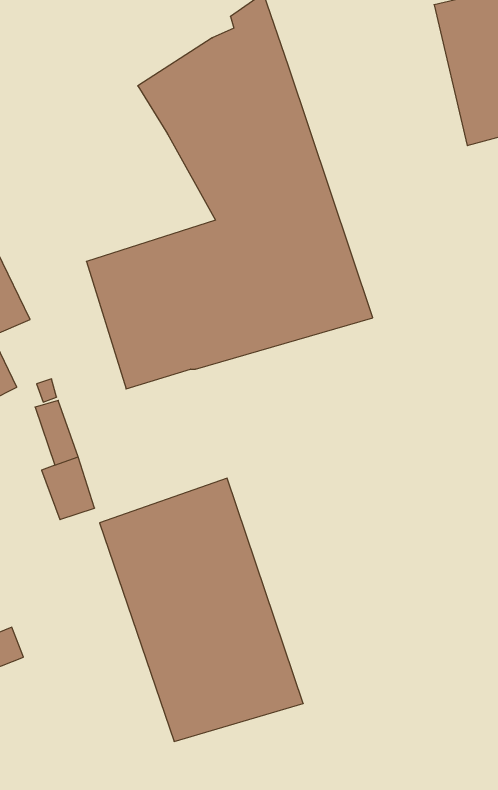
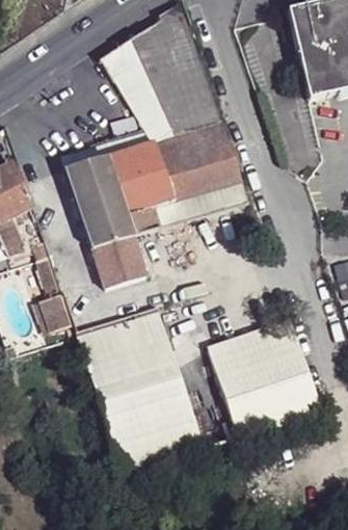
building: none -> [91,235,145,286]
building: none -> [207,320,318,434]

